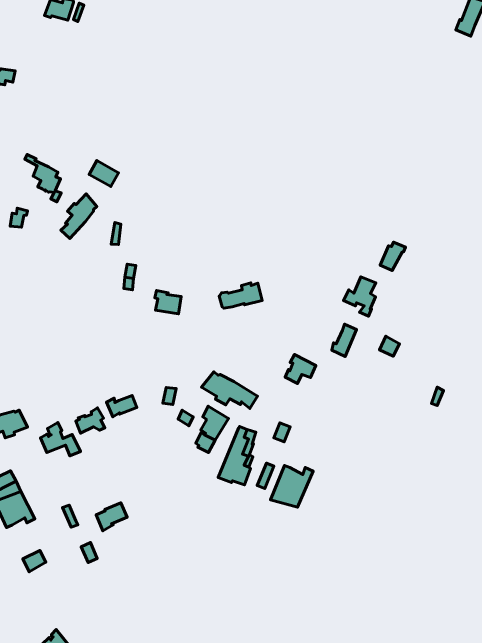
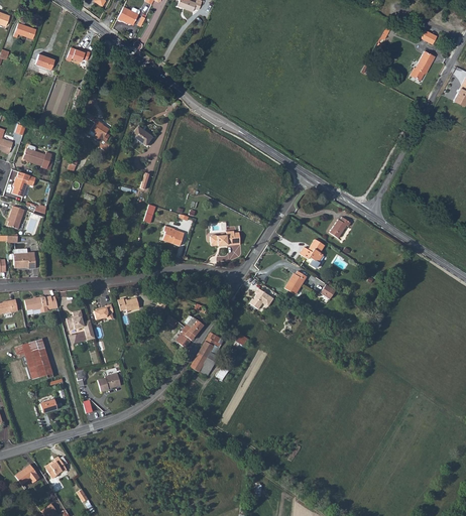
building: [61,194,97,239] -> none
building: [202,372,258,408] -> none
building: [271,466,313,507] -> none

